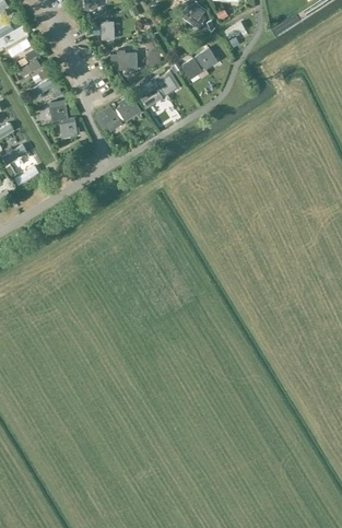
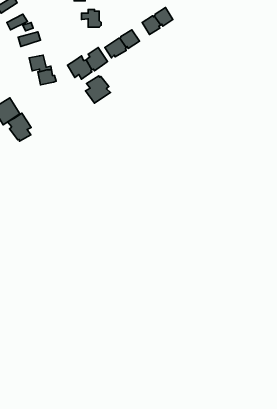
building: none -> [86,76,110,103]
building: none -> [8,113,31,141]

